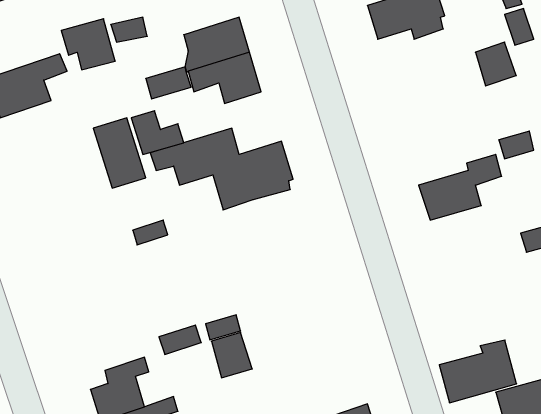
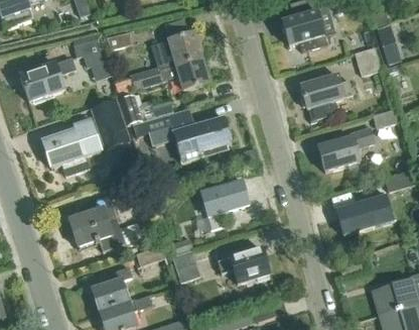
building: none -> [300,73,353,121]
building: none -> [41,118,101,173]
building: none -> [198,178,248,227]
building: none -> [67,193,143,249]
building: none -> [216,245,272,283]
building: [439,340,517,403] -> [336,190,390,233]

